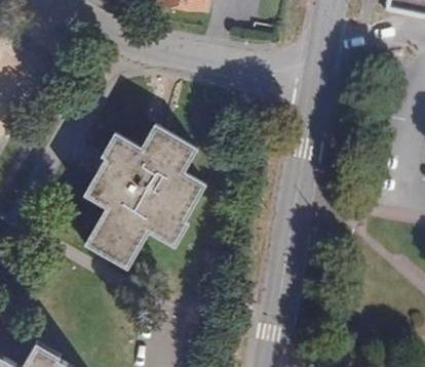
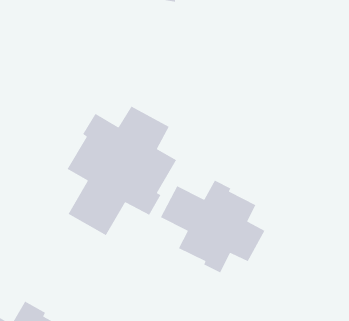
building: none -> [160,179,265,273]

